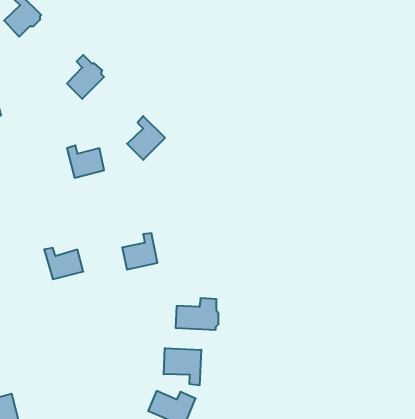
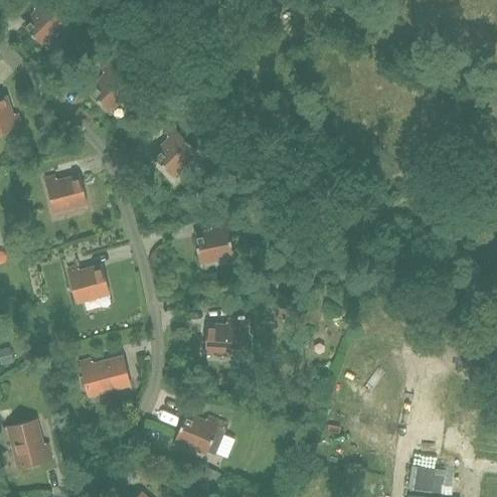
building: [67,145,104,178] -> [46,176,86,210]
building: [122,233,157,270] -> [195,222,232,261]
building: none -> [78,360,130,394]
building: [164,348,201,385] -> none

